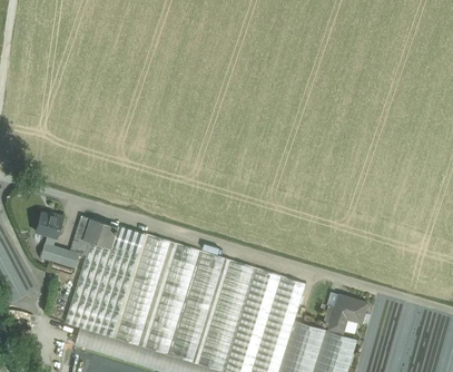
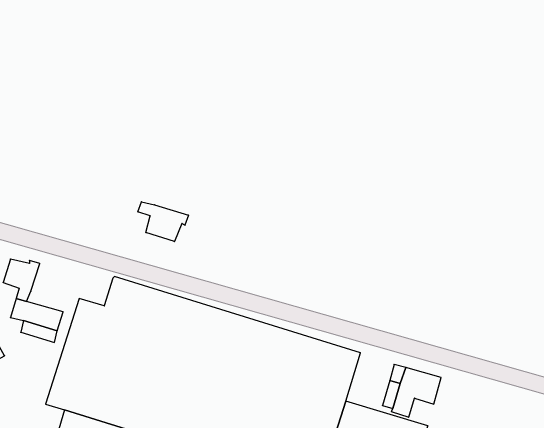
building: none -> [138,202,188,242]
building: [75,215,117,248] -> none

